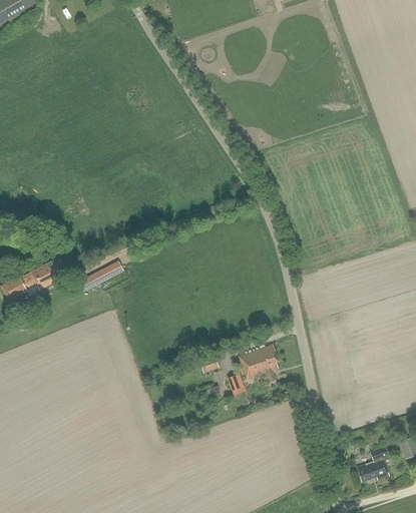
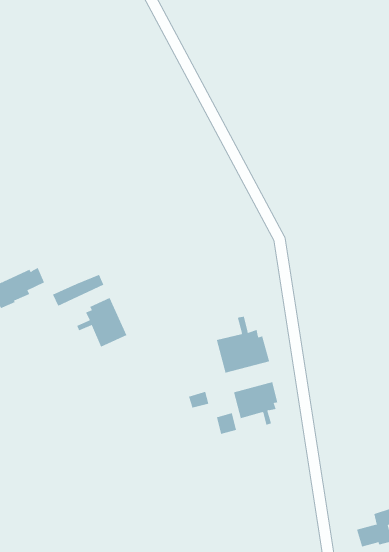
building: none -> [76,297,127,347]
building: none -> [216,316,270,373]

